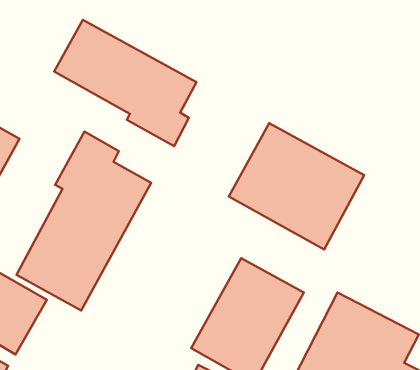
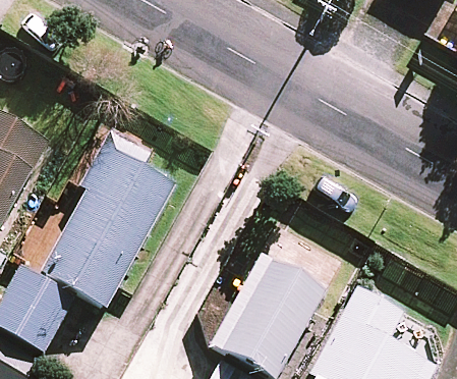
building: [54,20,196,146] -> none
building: [229,123,364,249] -> none

